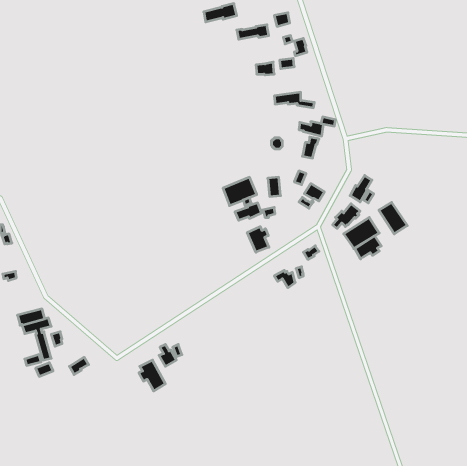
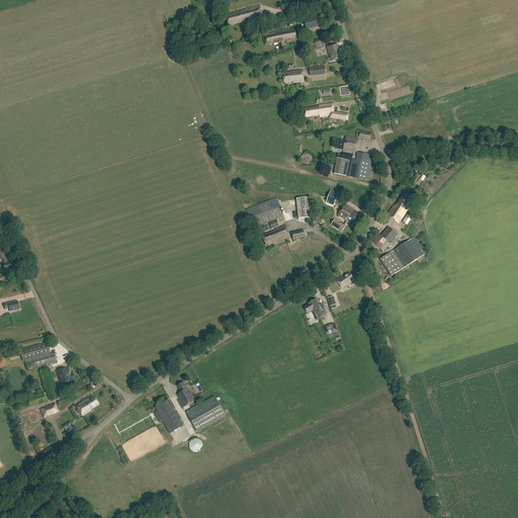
building: none -> [348,152,372,180]
building: [379,202,407,234] -> none
building: [247,227,269,252] -> none
building: [355,236,381,259] -> none
building: none -> [186,395,226,430]

